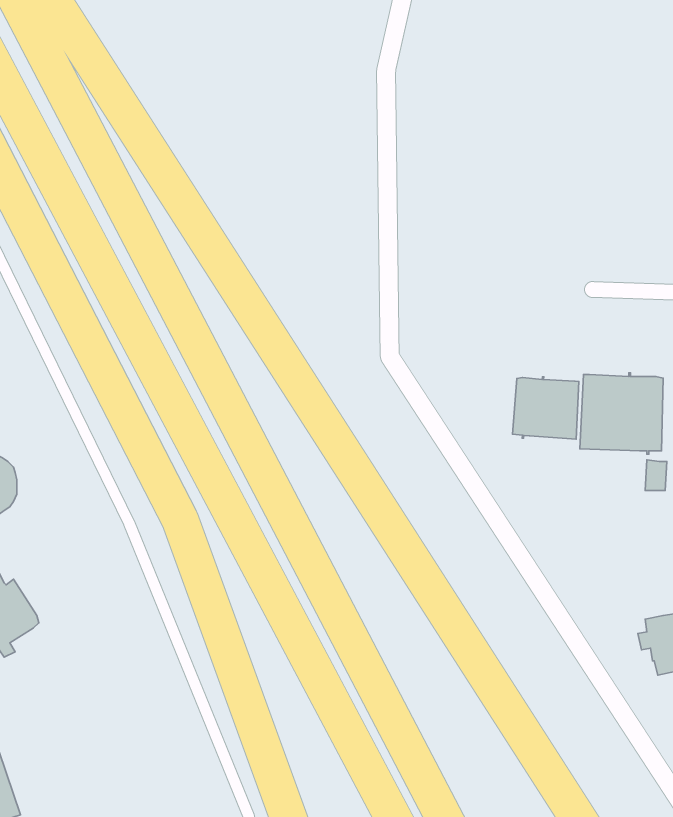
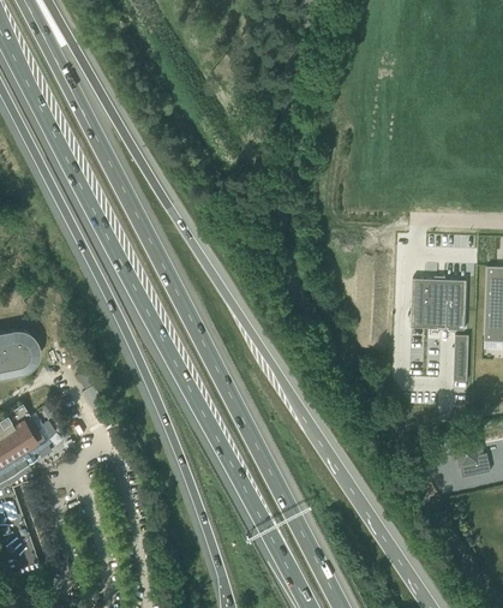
building: [513,377,579,439] -> none

